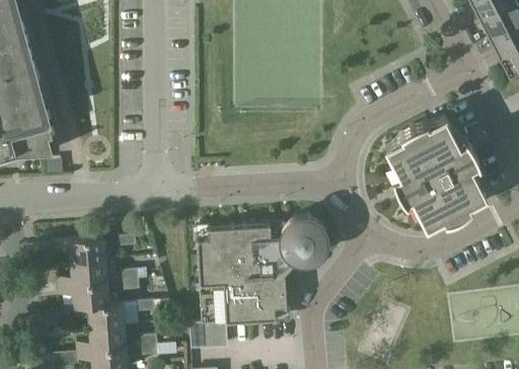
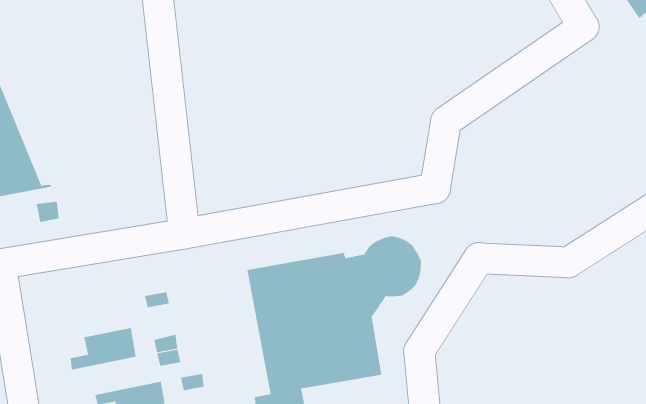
building: [387,119,489,228] -> none
building: [56,240,107,266] -> none
building: [59,285,125,309] -> none

